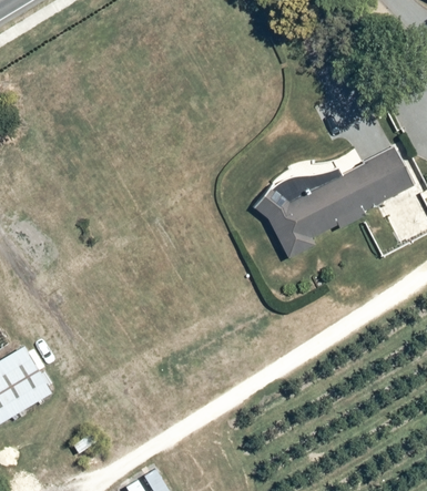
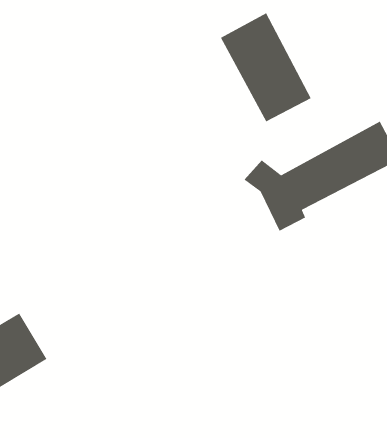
building: none -> [220,12,312,123]

